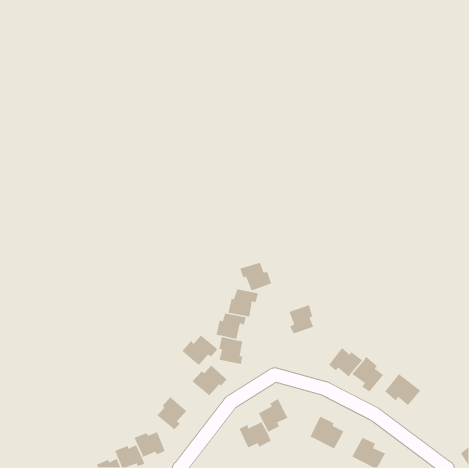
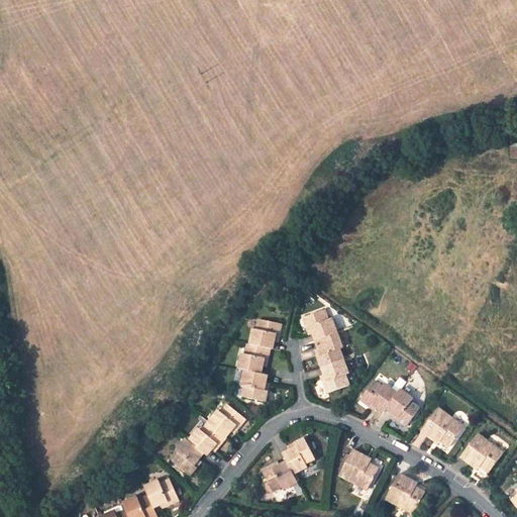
building: [239,262,272,291] -> [303,309,339,341]
building: none -> [320,358,349,395]
building: [182,334,218,366] -> [189,418,229,452]
building: none -> [456,435,498,472]

